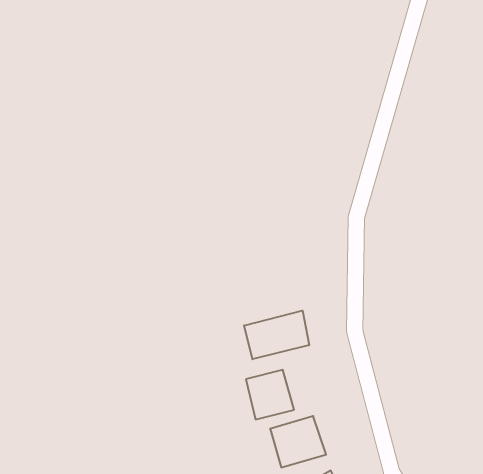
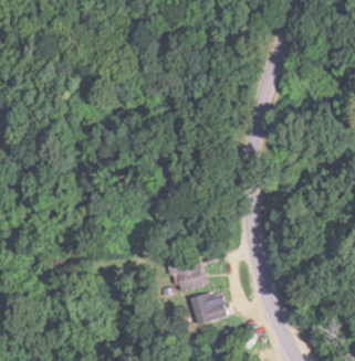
building: [244,311,309,359] -> none

